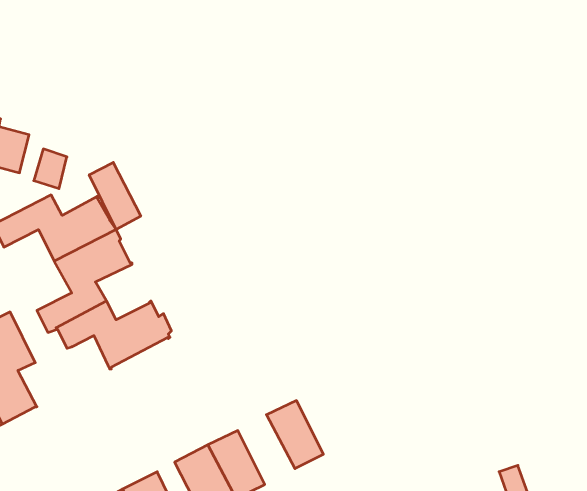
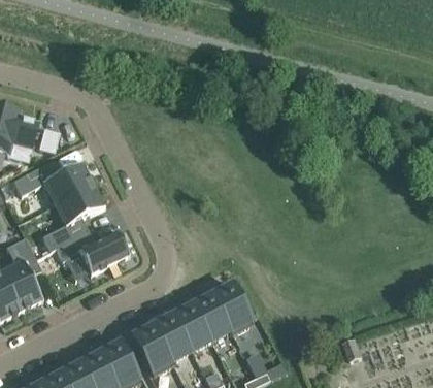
building: [89,162,141,230] -> none
building: none -> [211,284,253,334]
building: none -> [173,304,210,350]

